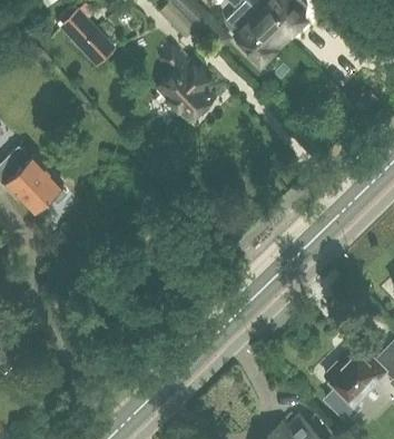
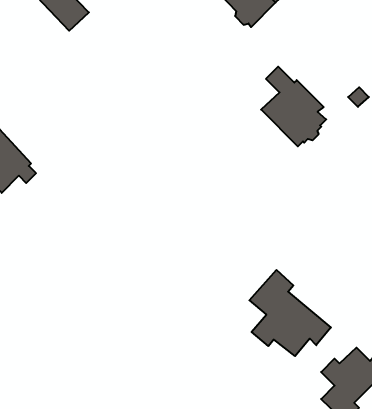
building: [157,49,216,121] -> [261,67,326,146]
building: none -> [249,270,331,356]

